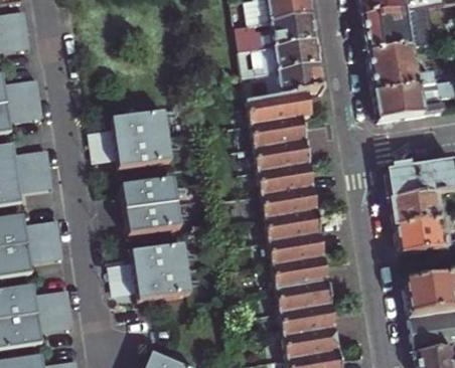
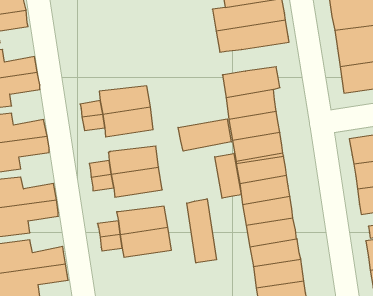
building: [268,63,324,96] -> none
building: none -> [178,119,231,151]
building: none -> [215,153,241,198]
building: none -> [187,199,216,263]

